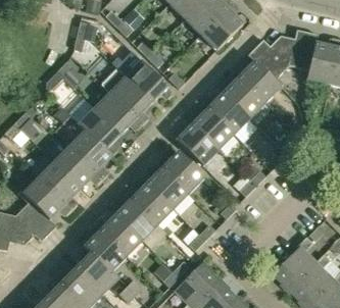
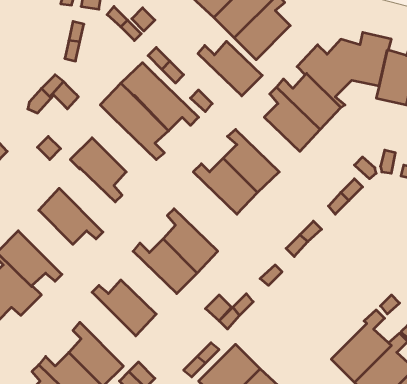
building: [94,93,142,134] -> none
building: [201,93,249,134] -> [198,41,262,96]
building: [69,131,111,178] -> none
building: [155,151,204,193] -> none
building: [39,162,80,210] -> none
building: [115,193,157,240] -> none
building: [85,223,127,278] -> none

